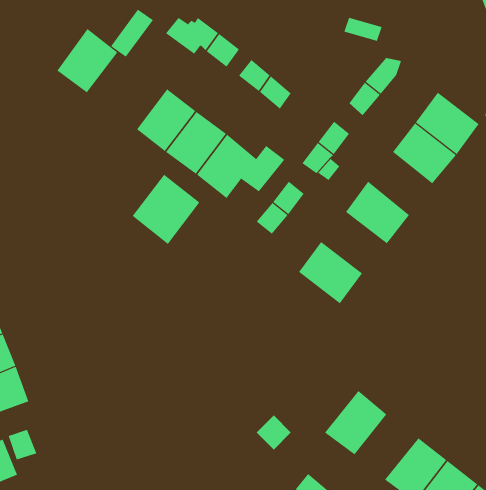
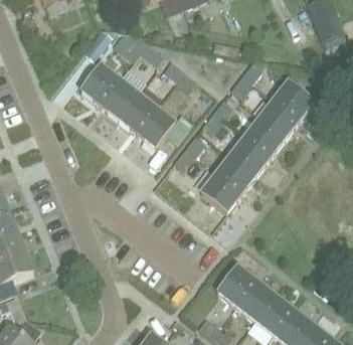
building: [57,28,118,93] -> [80,62,119,103]
building: none -> [243,117,284,156]
building: [132,174,200,245] -> none
building: none -> [214,154,255,192]
building: none -> [235,280,275,320]

